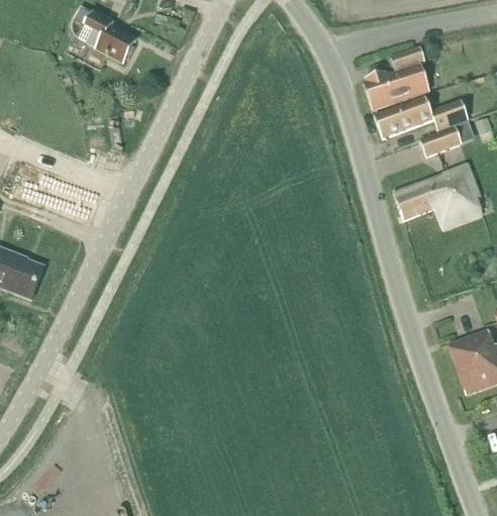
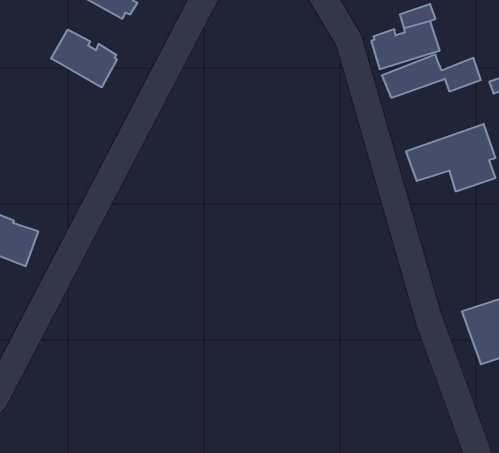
building: none -> [51,30,117,87]
building: [420,128,460,157] -> none

